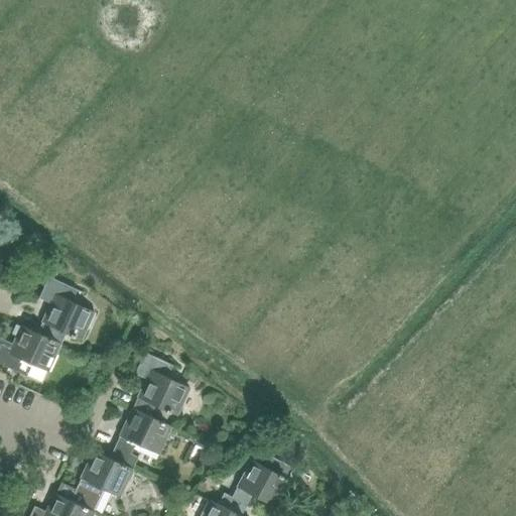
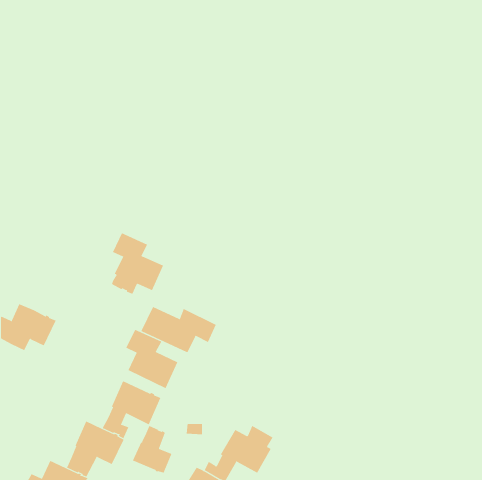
building: [37,278,94,345] -> [111,232,164,295]
building: none -> [141,306,216,354]
building: none -> [132,425,172,474]

